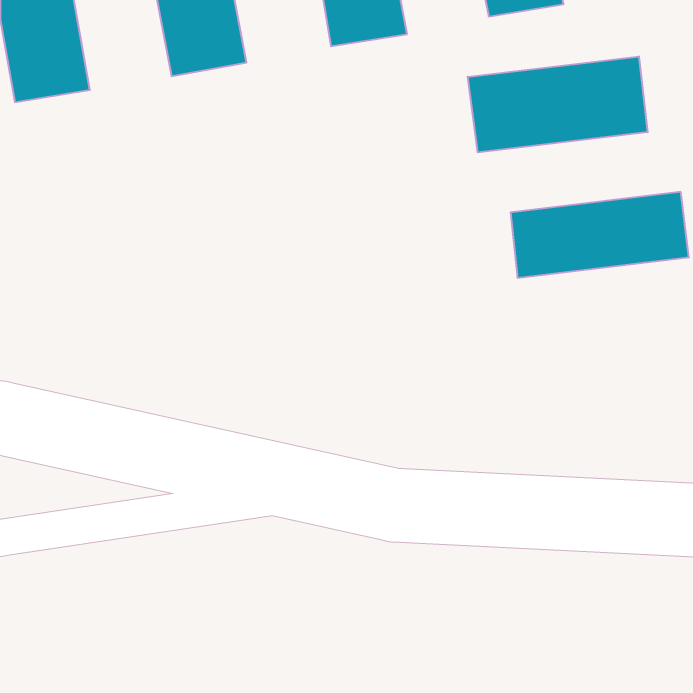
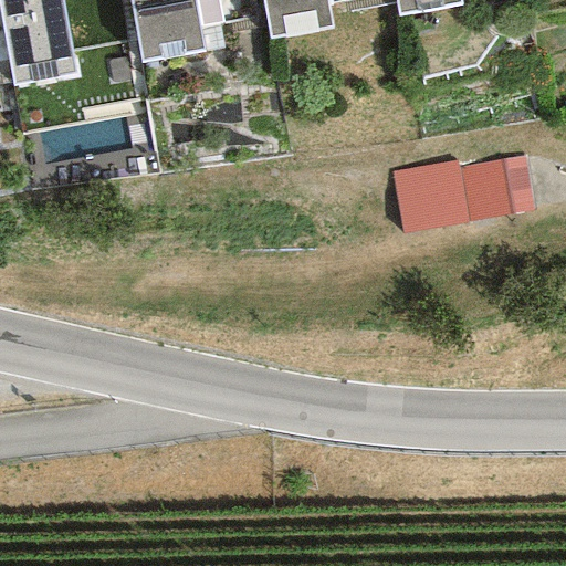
building: [468,56,648,152] -> none

